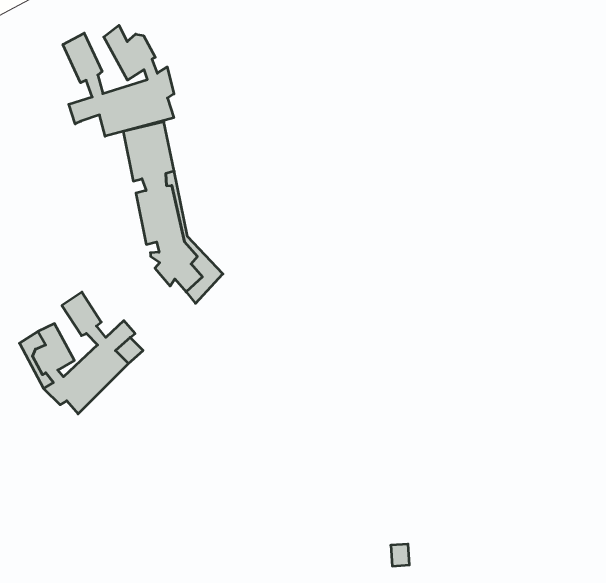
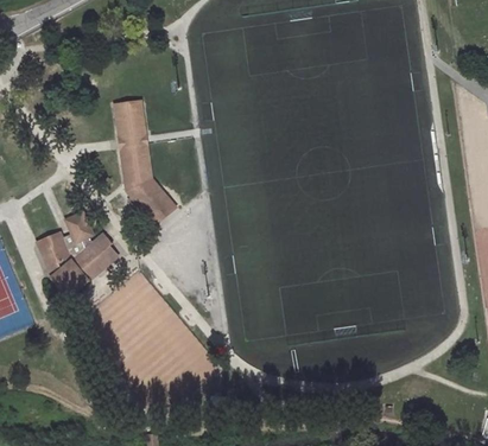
building: [63,25,174,136] -> none

